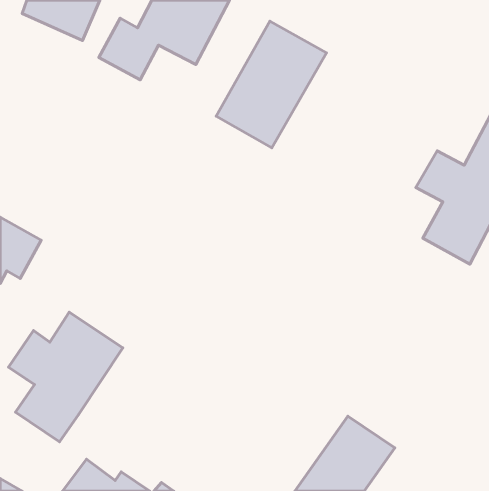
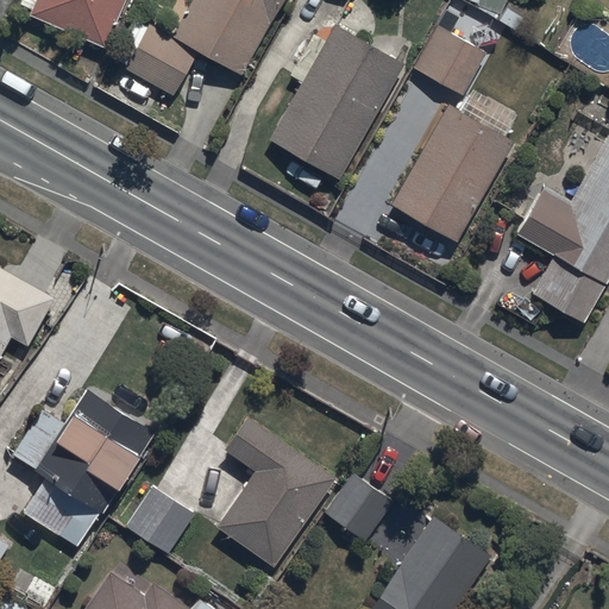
building: none -> [417,30,485,94]
building: none -> [391,107,513,245]
building: none -> [216,414,337,565]
building: none -> [325,472,395,541]
building: none -> [125,484,195,554]

